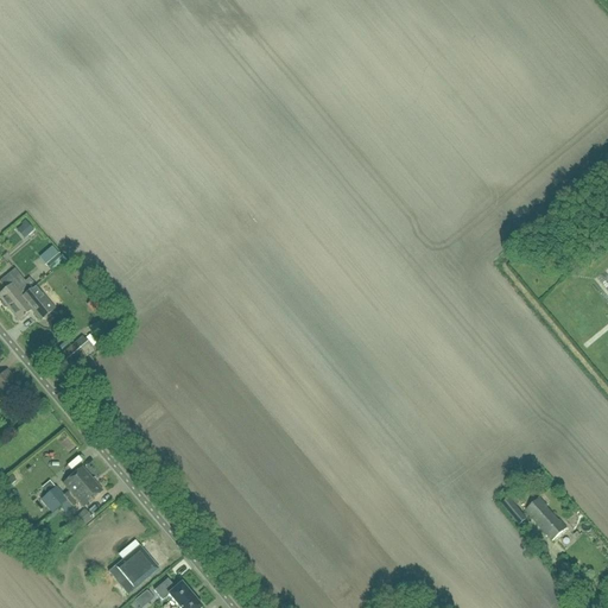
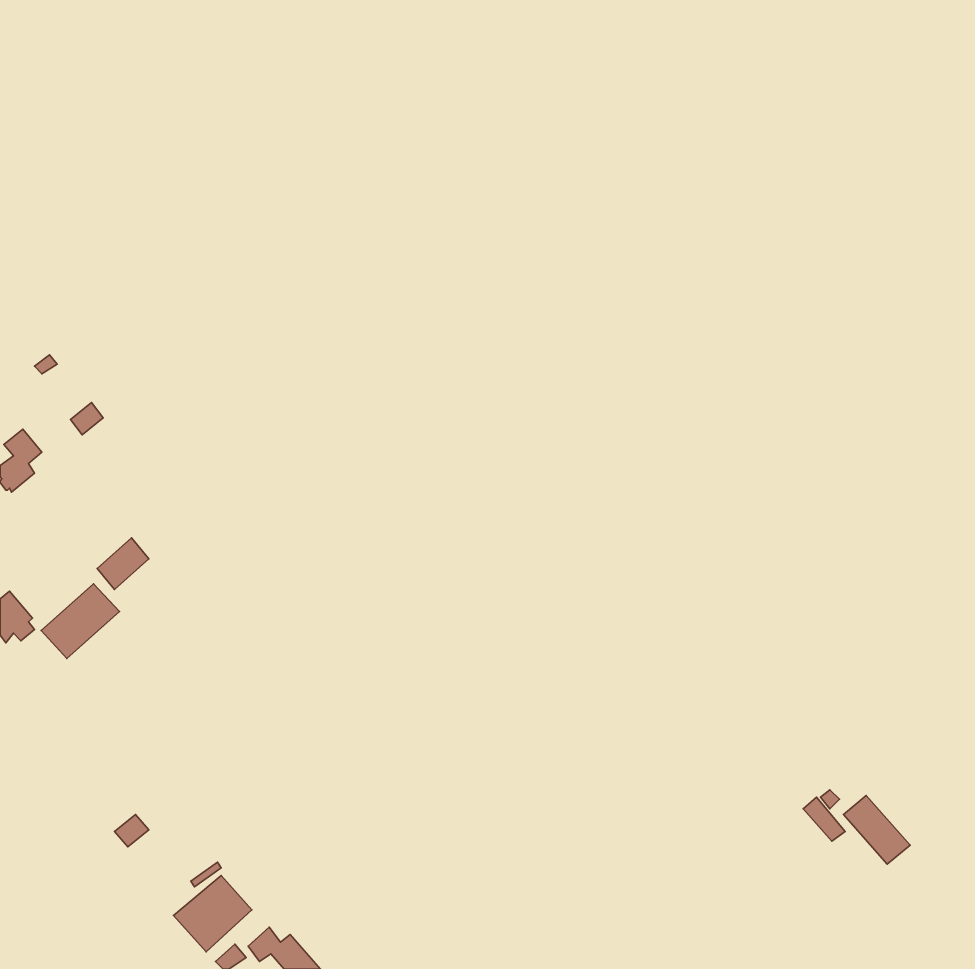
building: [7,284,53,319] -> none
building: none -> [41,584,120,658]
building: [48,466,102,506] -> none

